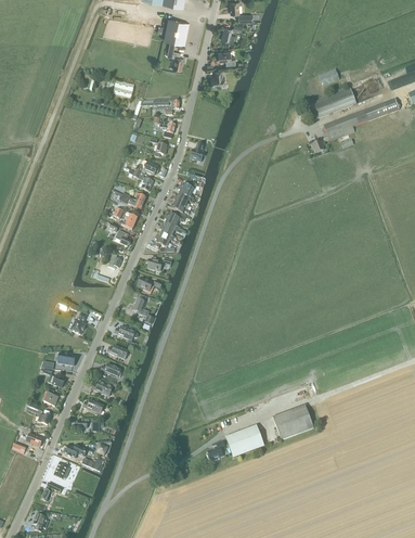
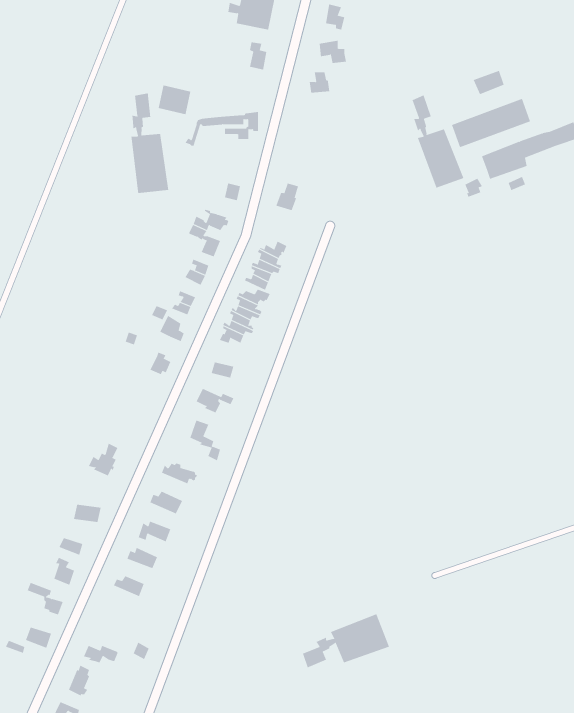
building: none -> [131,92,169,194]
building: none -> [412,95,464,188]
building: [271,404,313,439] -> none

